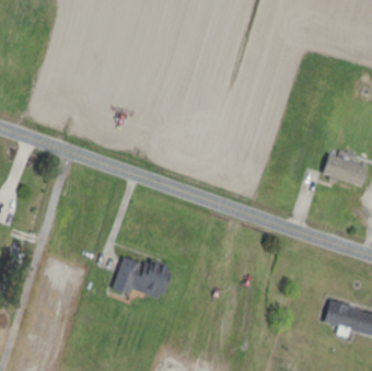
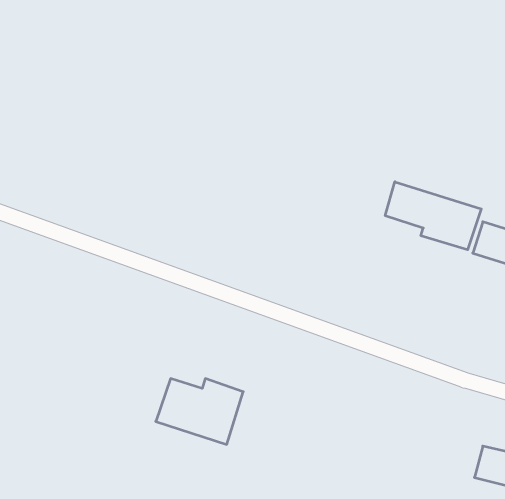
building: none -> [385,182,481,250]

